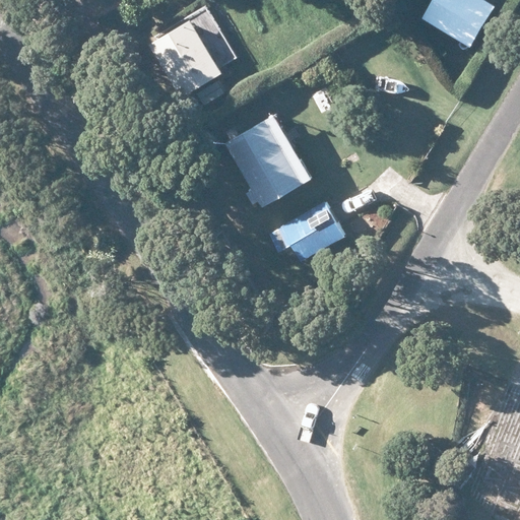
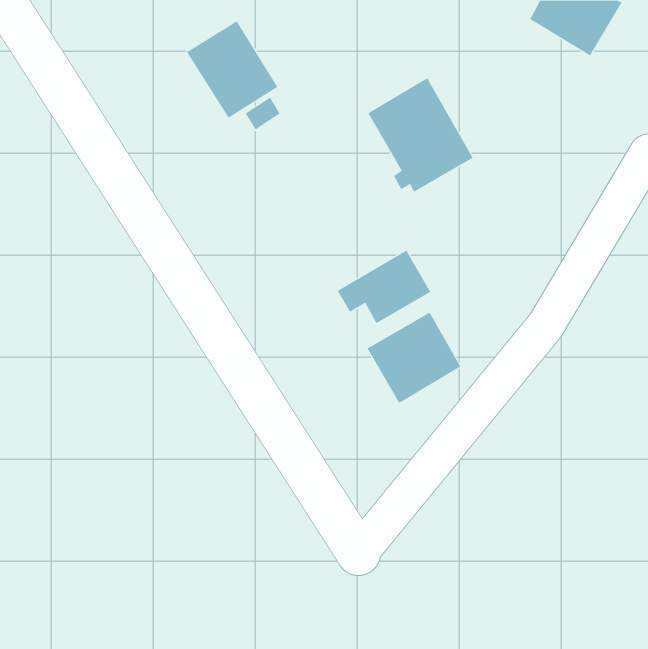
building: [226,113,311,204] -> [368,78,473,192]
building: none -> [367,312,461,404]

